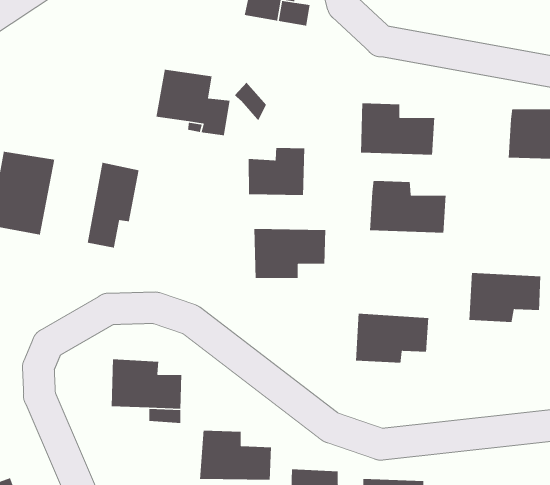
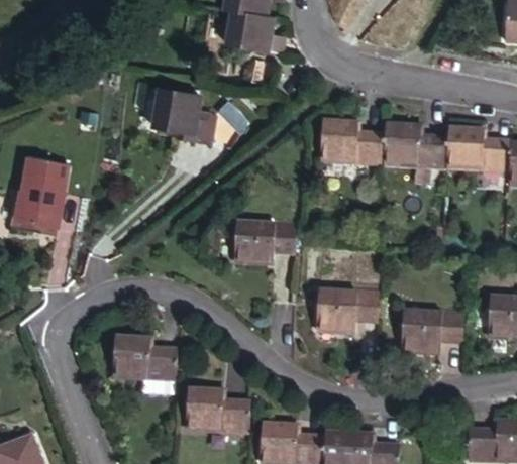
building: [248,147,305,196] -> none
building: [87,162,140,248] -> none
building: [369,180,447,233] -> [383,119,447,163]
building: [469,272,541,323] -> [400,314,460,356]

